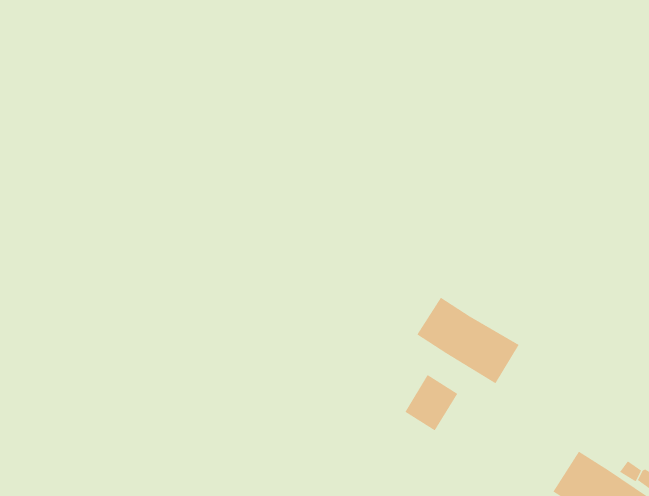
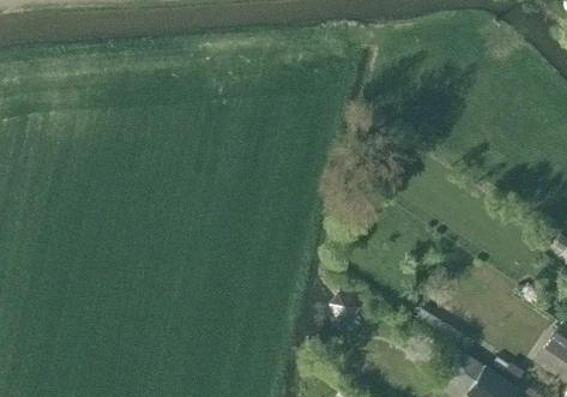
building: [416,297,519,384] -> none

